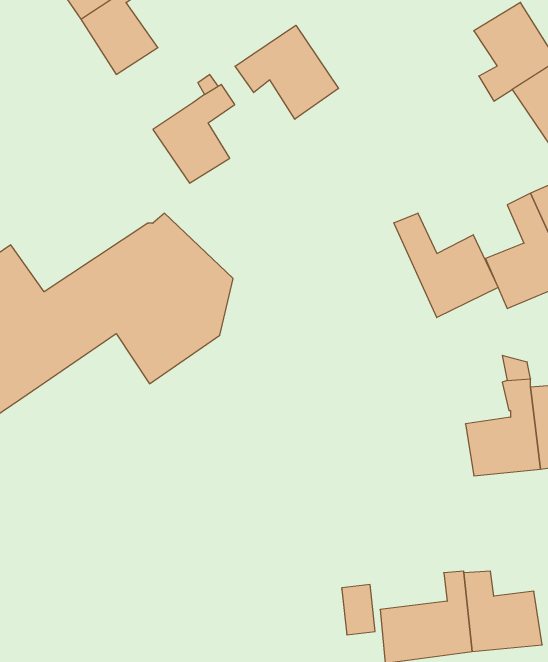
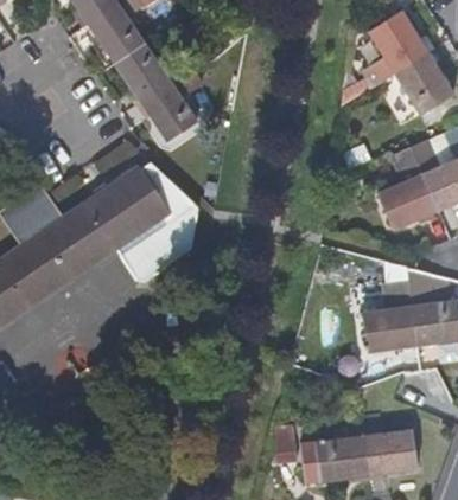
building: [235,25,339,119] -> none
building: none -> [115,46,170,104]
building: [394,213,498,318] -> none

